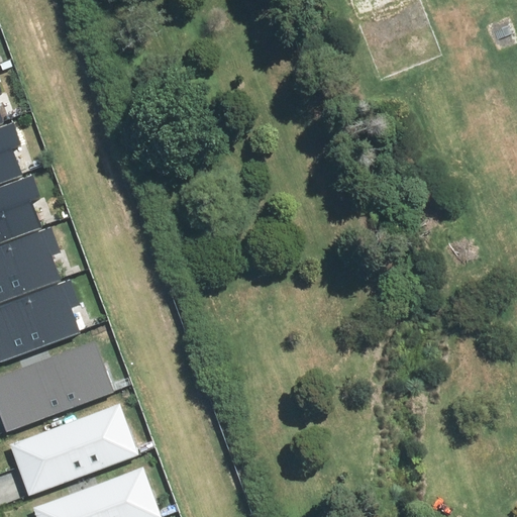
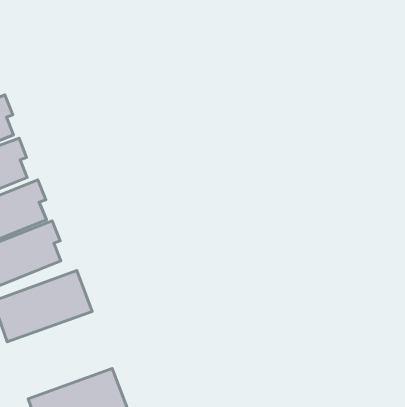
building: [14,402,139,492] -> none

